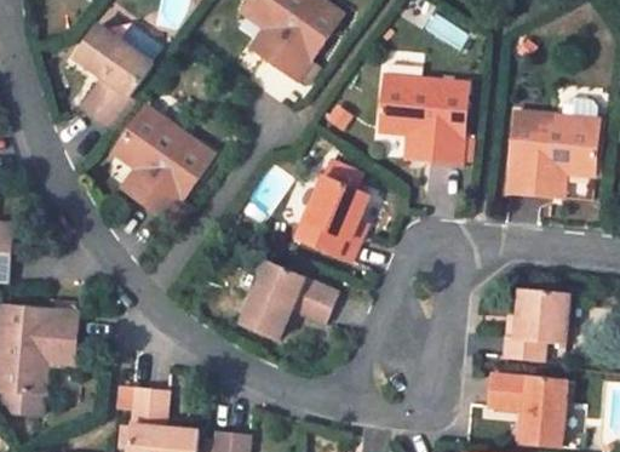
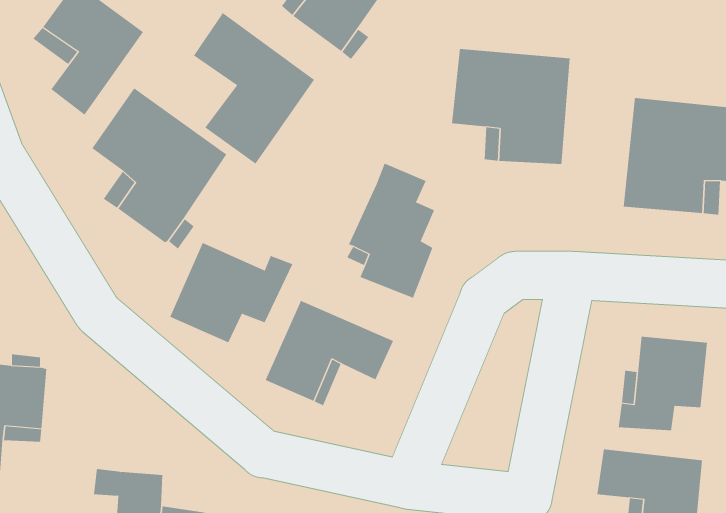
building: none -> [193,12,315,164]
building: none -> [169,242,293,343]

